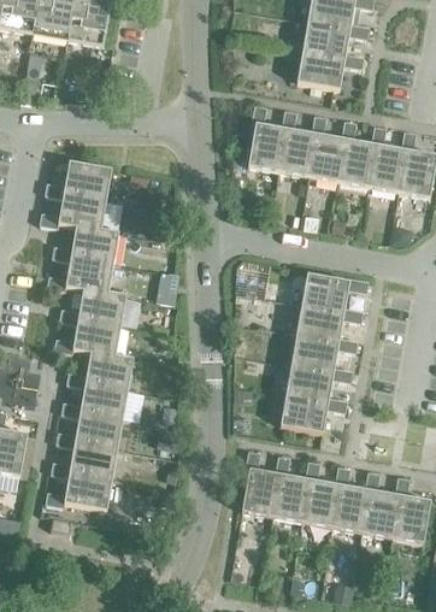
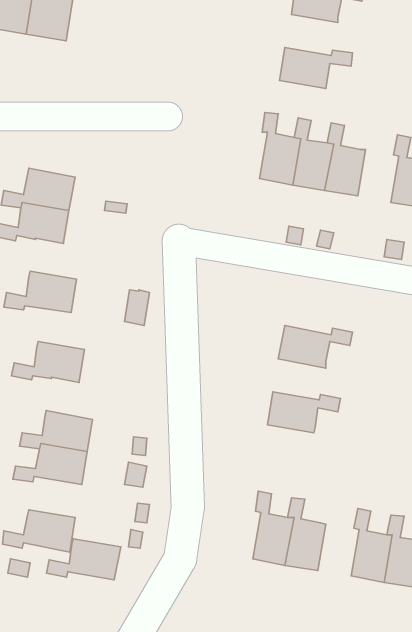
building: [301,20,369,58] -> none
building: [247,104,285,170] -> none
building: [367,125,405,192] -> none
building: [51,224,118,261] -> none
building: [301,273,367,312] -> none
building: [58,288,125,325] -> none
building: [290,334,357,371] -> none
building: [65,351,132,389] -> none
building: [279,394,347,432] -> none
building: [49,441,117,478] -> [47,539,121,580]
building: [241,449,279,516] -> none
building: [331,465,369,531] -> none

